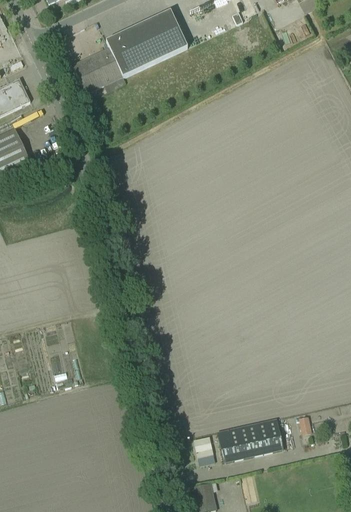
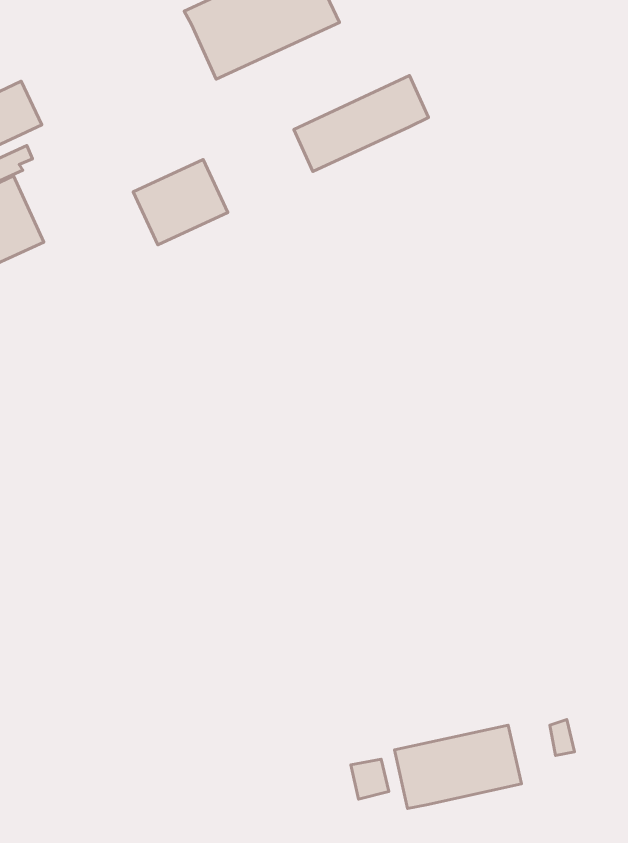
building: [72,48,122,93] -> [133,160,228,245]
building: none -> [294,76,429,171]

